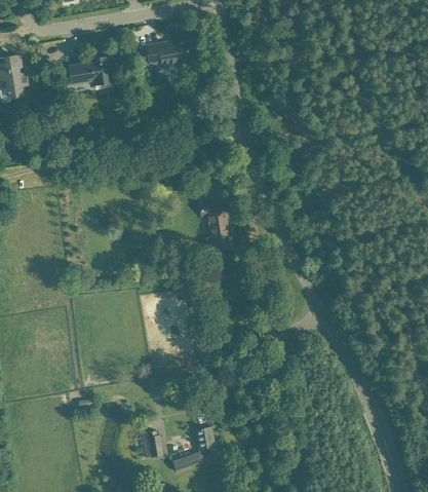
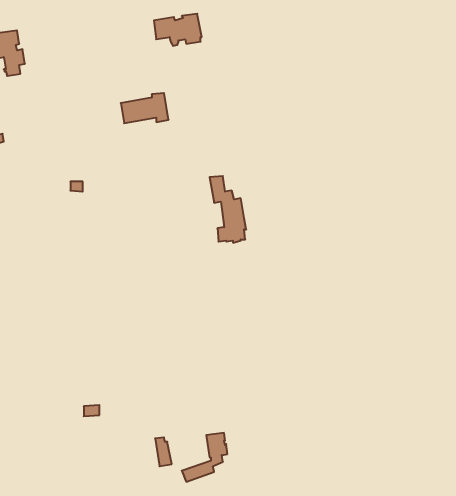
building: [68,58,112,85] -> [121,93,169,123]

